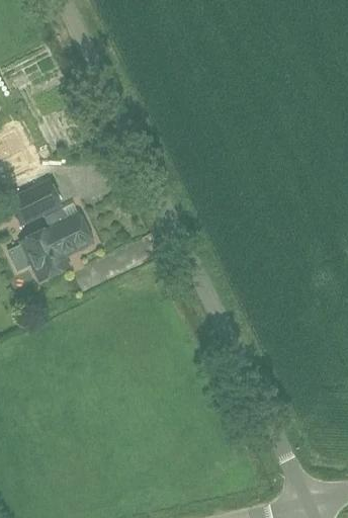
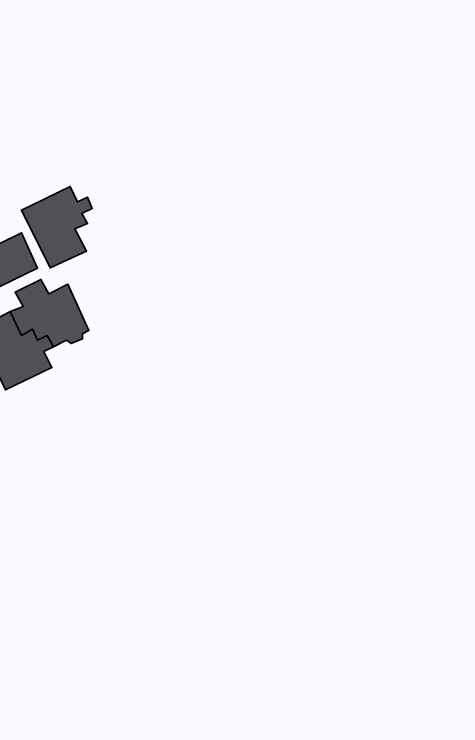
building: none -> [21,186,92,268]

